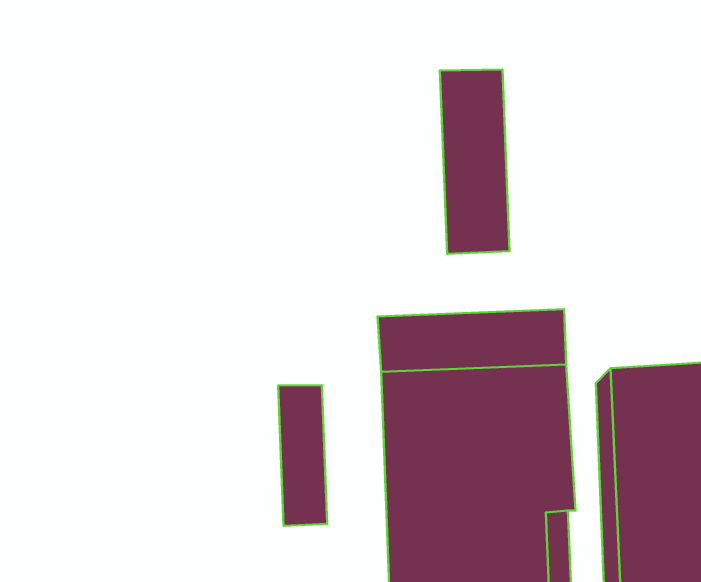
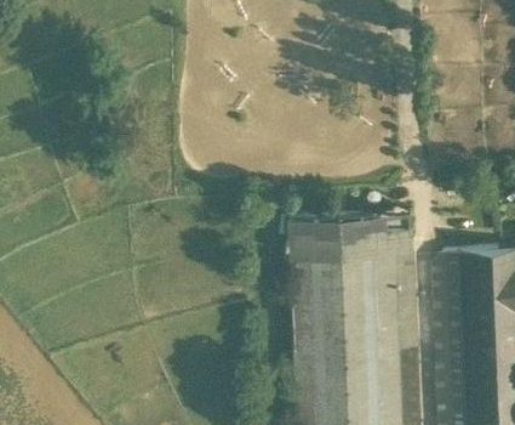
building: [440,70,510,254] -> none
building: [278,385,327,526] -> none

